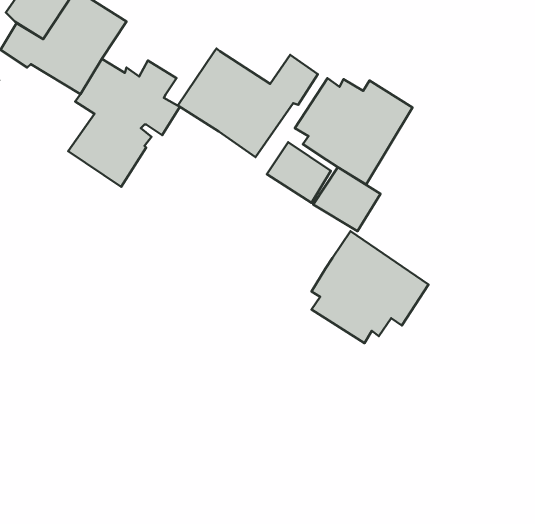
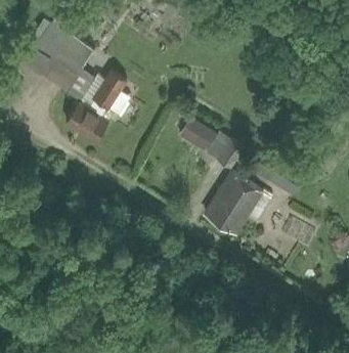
building: [178,49,318,157] -> none
building: [295,78,412,185] -> none

